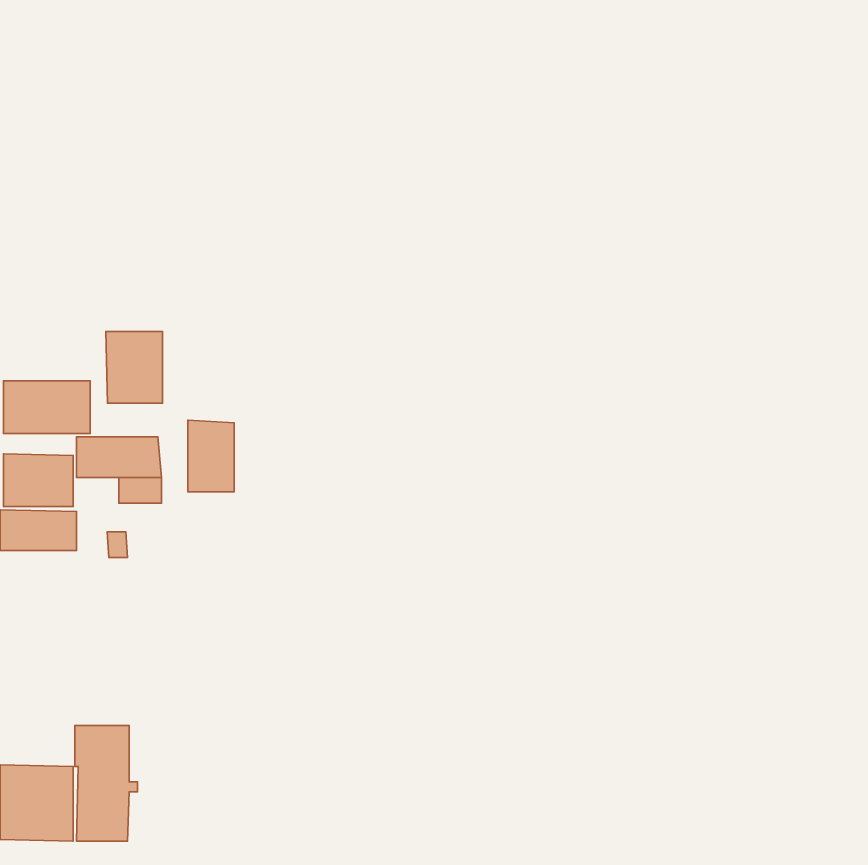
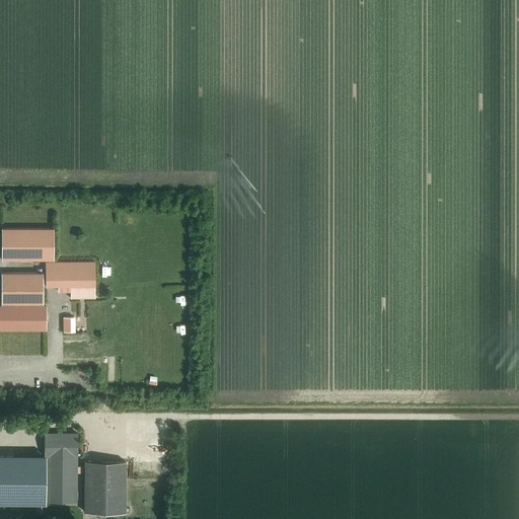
building: [106,331,163,403] -> none
building: [188,420,234,492] -> none
building: none -> [84,463,126,514]

